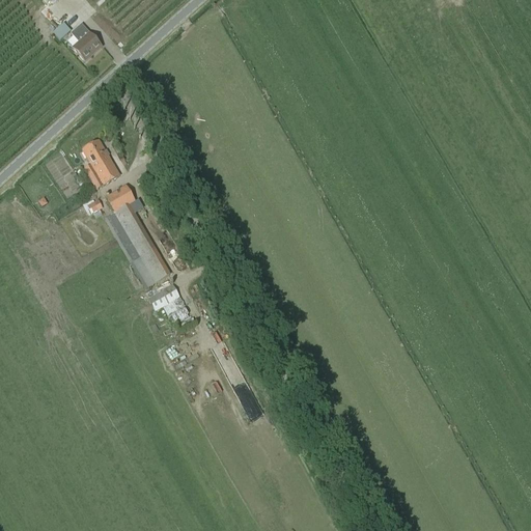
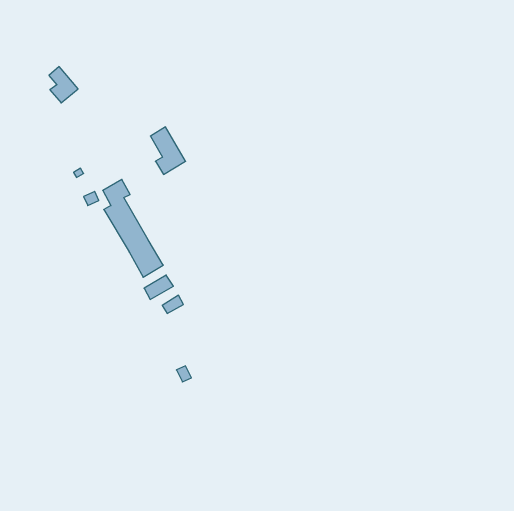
building: [72,22,102,59] -> [49,67,78,103]
building: [83,139,119,188] -> [150,127,186,174]

